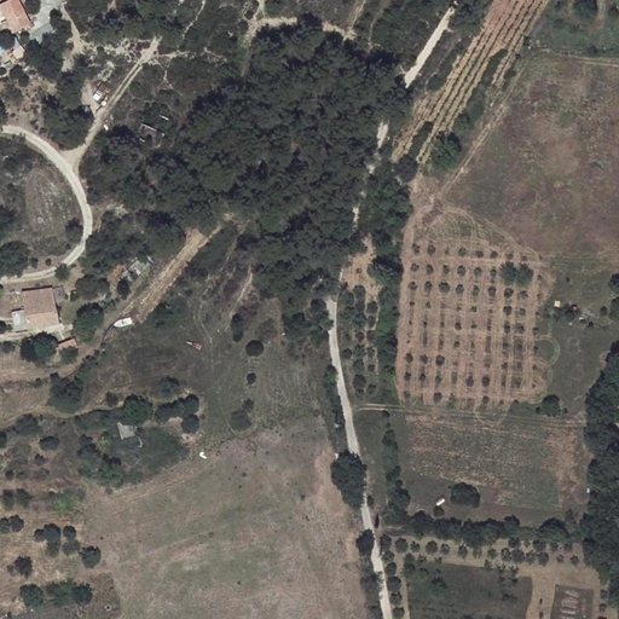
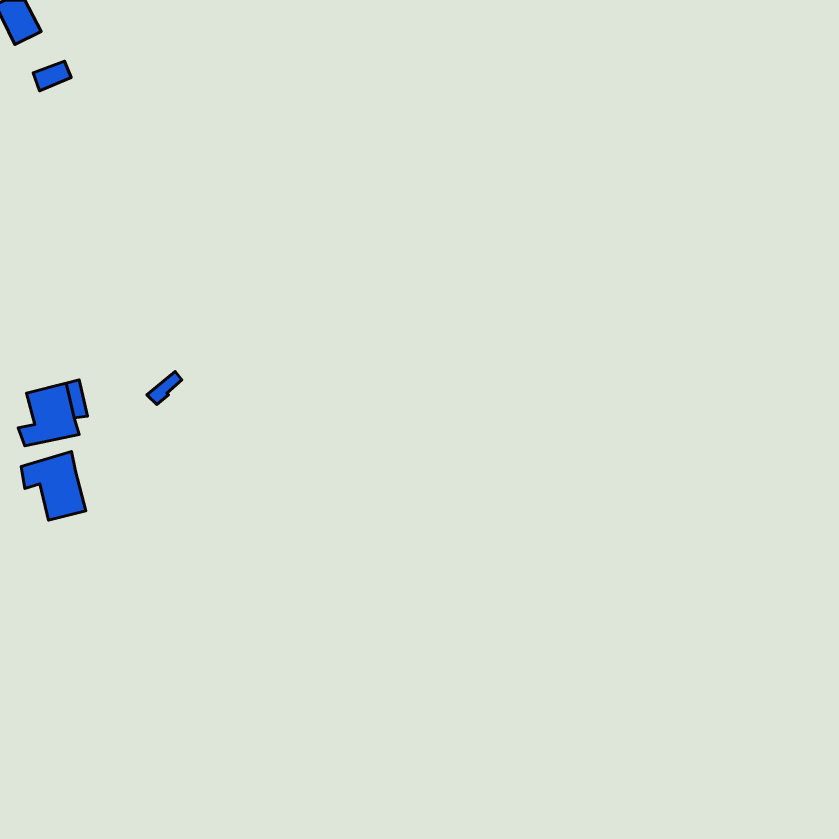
building: none -> [21,452,86,520]

